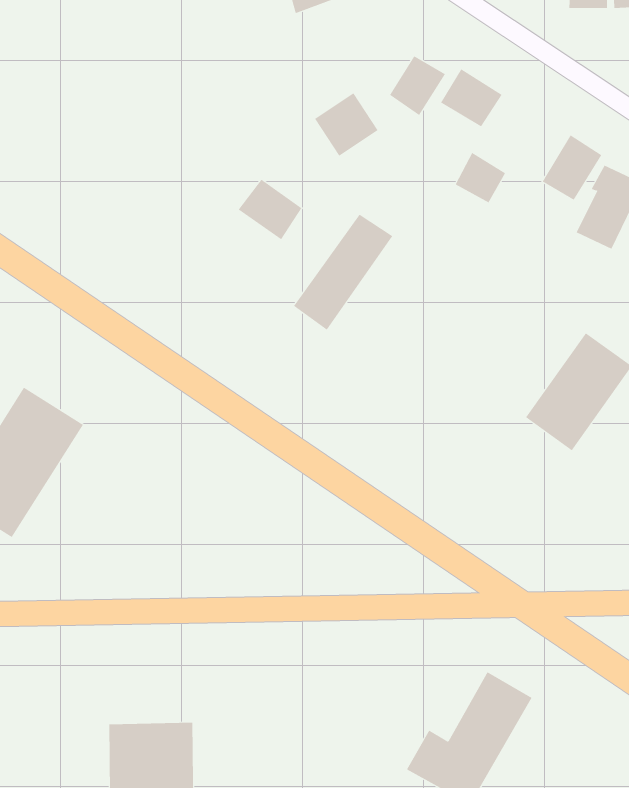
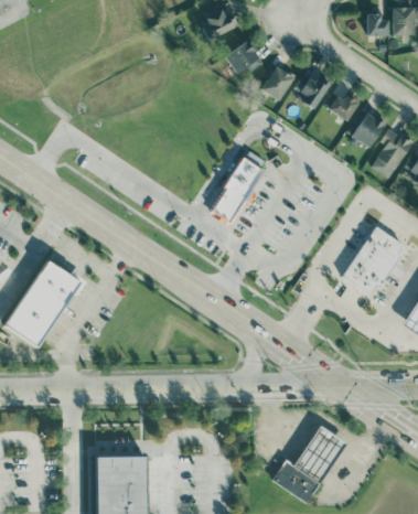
building: [314,92,378,156] -> [224,40,261,77]
building: [455,152,506,203] -> [329,90,358,120]
building: [238,179,302,240] -> none

